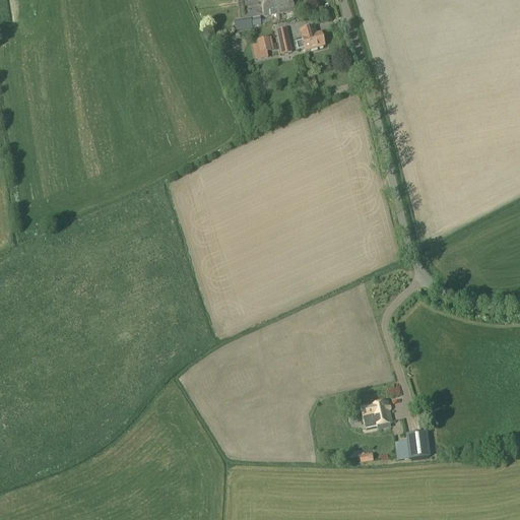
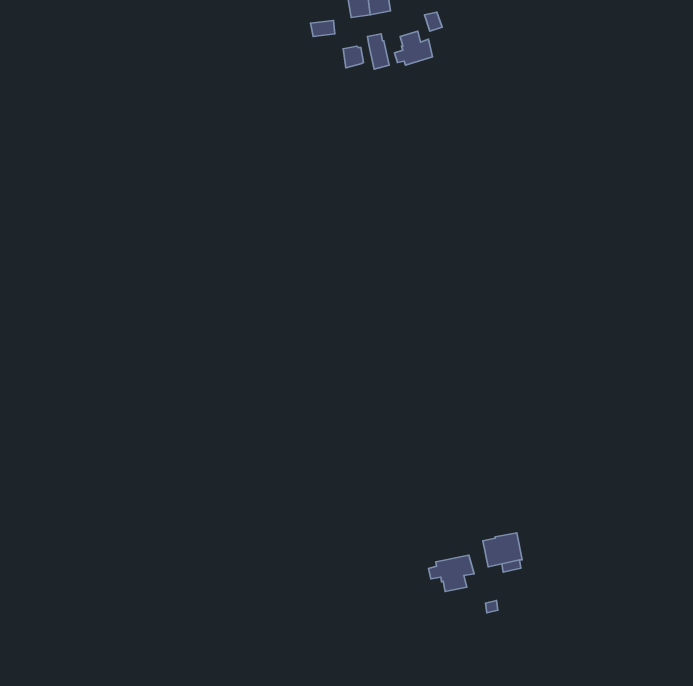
building: none -> [429,555,474,591]
building: [394,429,430,458] -> none

